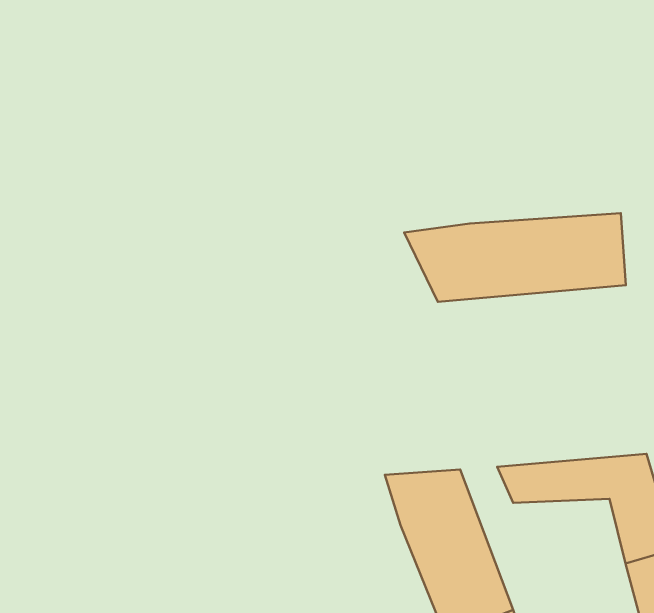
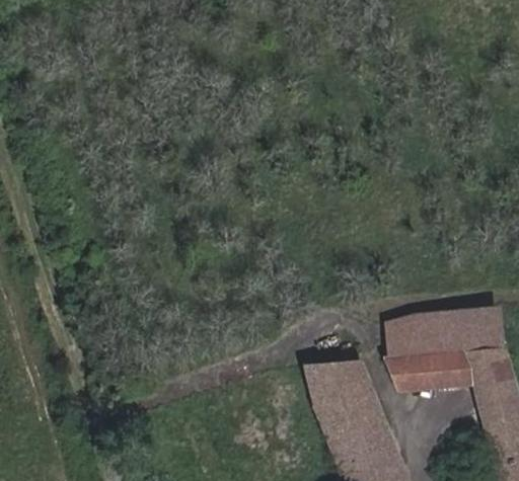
building: [404,213,626,302] -> none
building: none -> [386,308,503,358]

